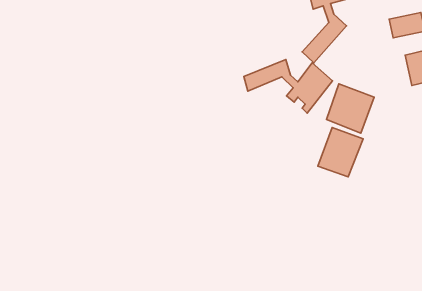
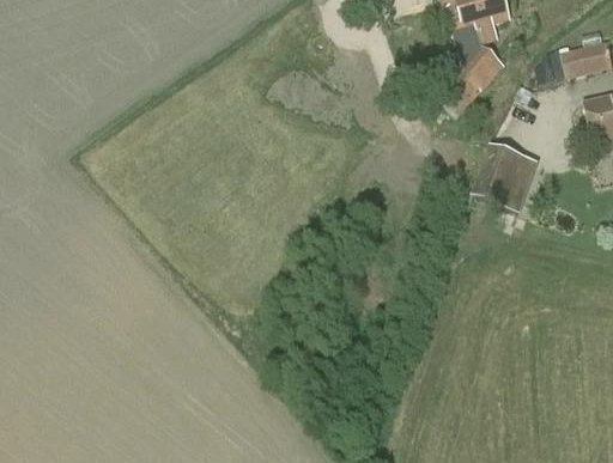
building: [244,60,333,113] -> none
building: [318,127,363,177] -> none

